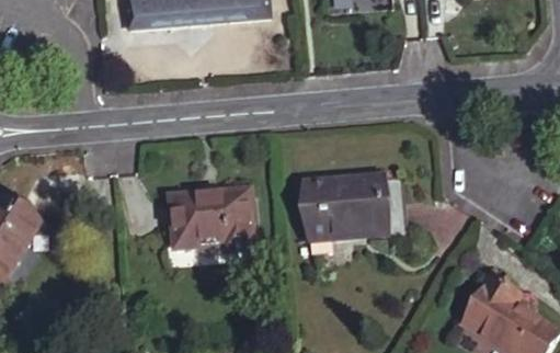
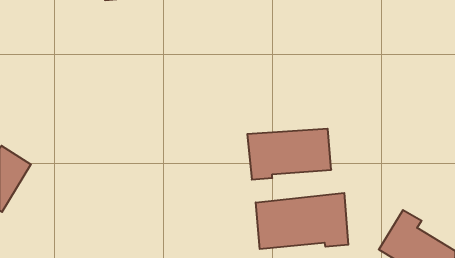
building: [169,191,255,252] -> none
building: none -> [256,193,348,249]

